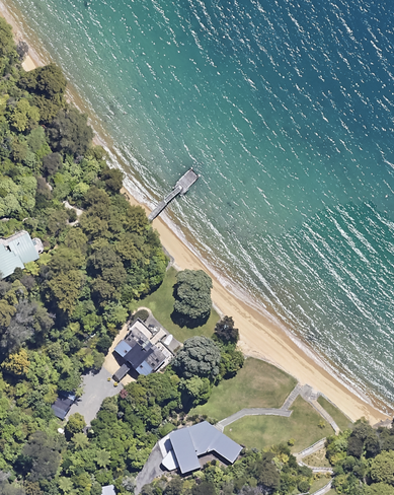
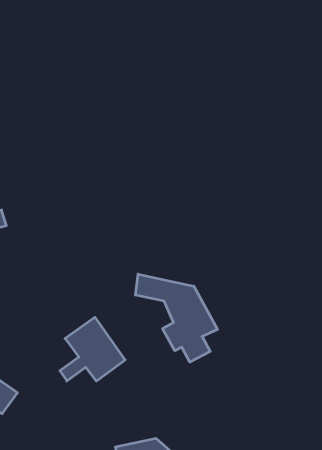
building: none -> [135,274,217,362]

